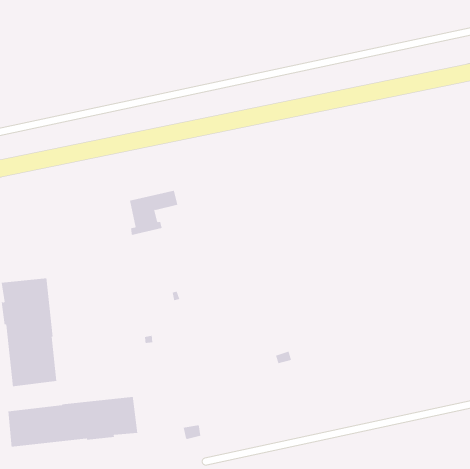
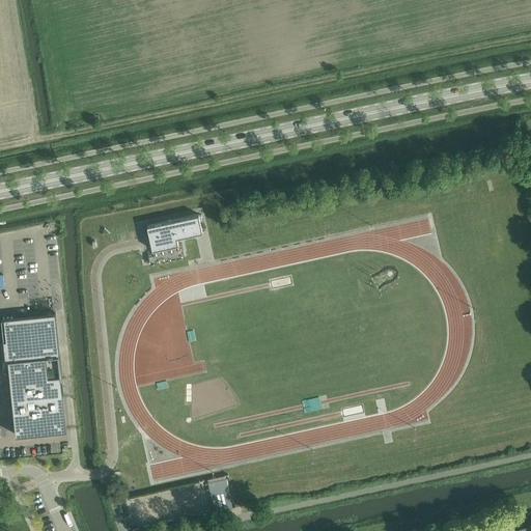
building: [8,396,138,447] -> none

